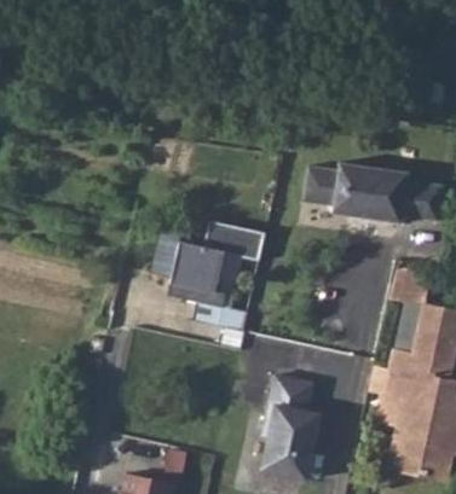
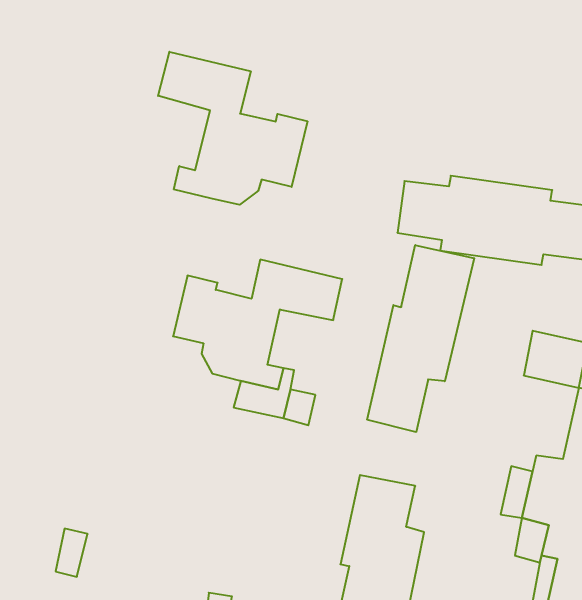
building: none -> [158,52,307,205]
building: none -> [367,245,474,432]

